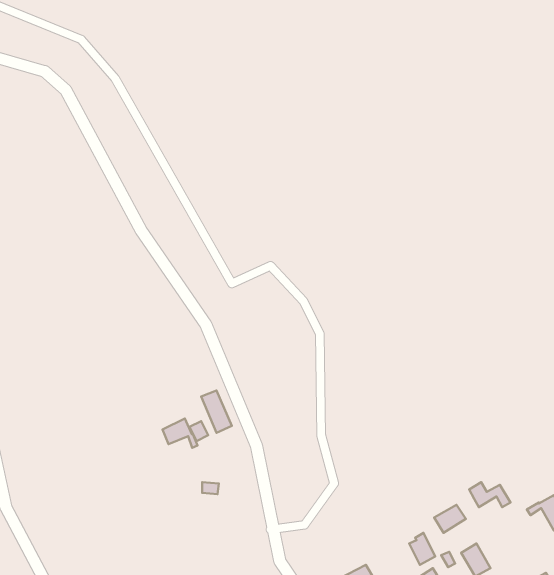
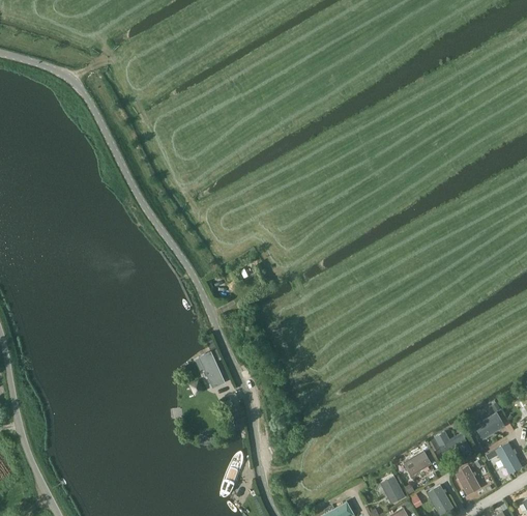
building: [162,419,198,448] -> none
building: none -> [474,412,504,438]
building: none -> [455,465,480,494]

